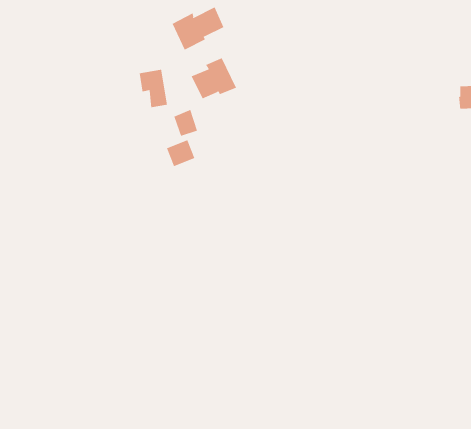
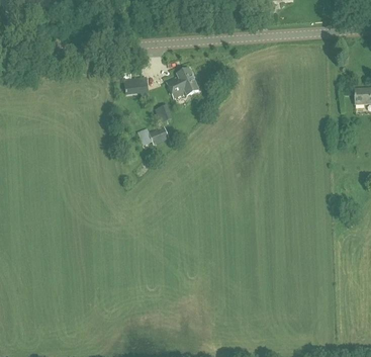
building: [172,6,224,51] -> none

